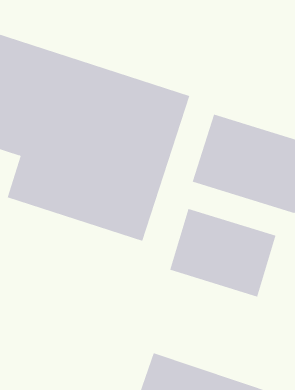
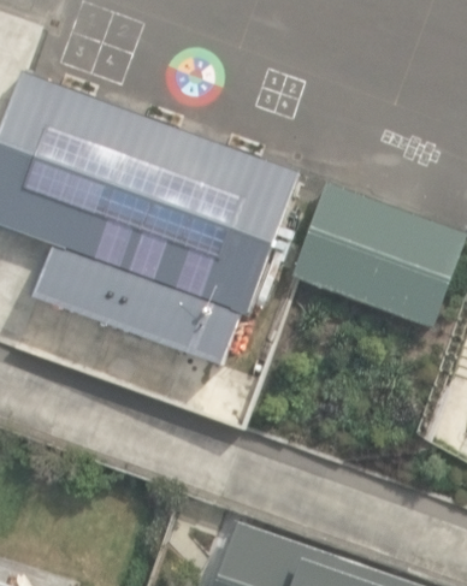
building: [170,208,276,297] -> none

